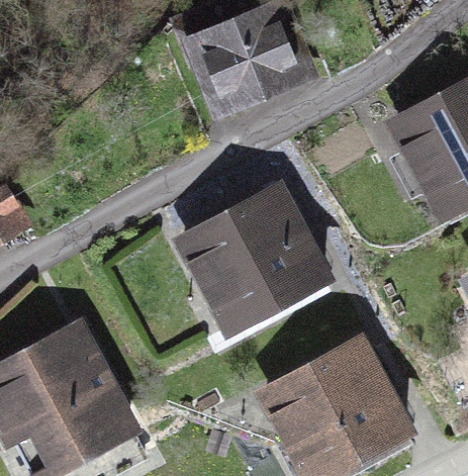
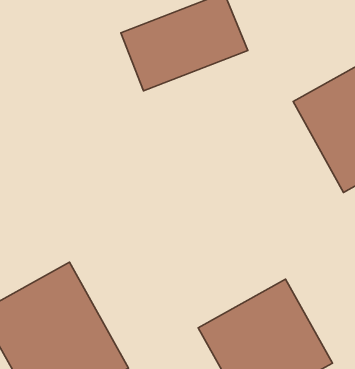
building: [177,188,334,339] -> none

